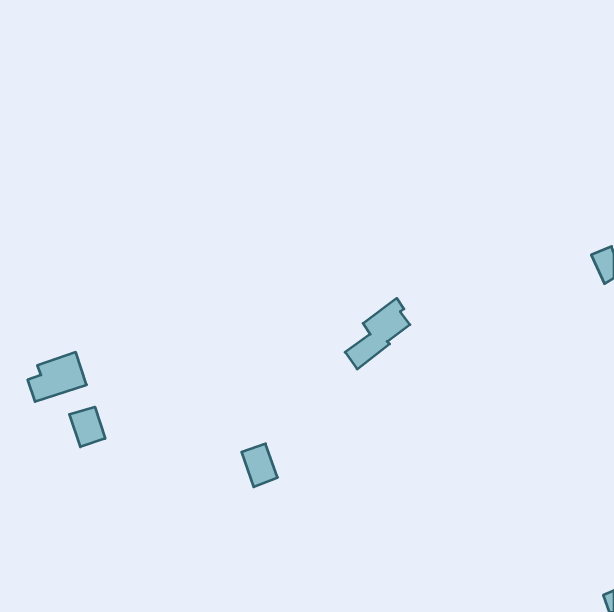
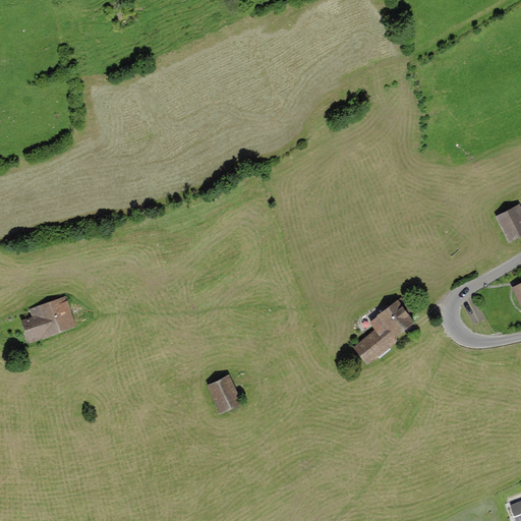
building: [345,298,410,369] -> [358,301,413,361]
building: [69,407,105,447] -> none

